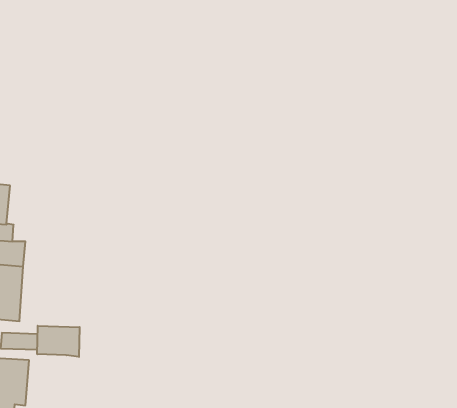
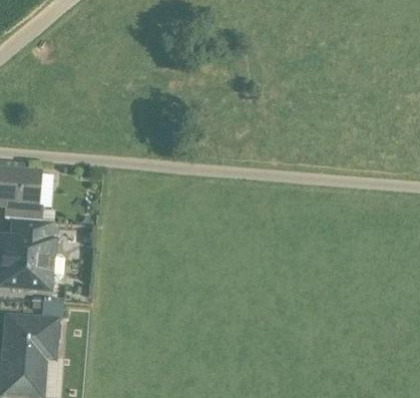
building: [37,326,80,357] -> none

